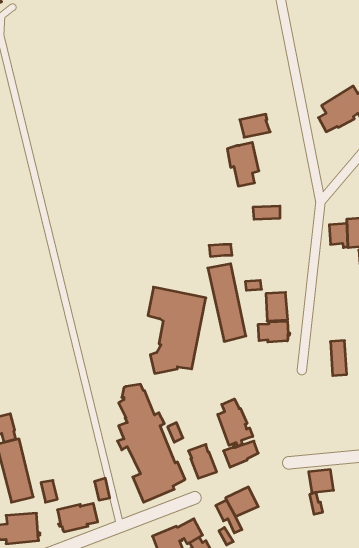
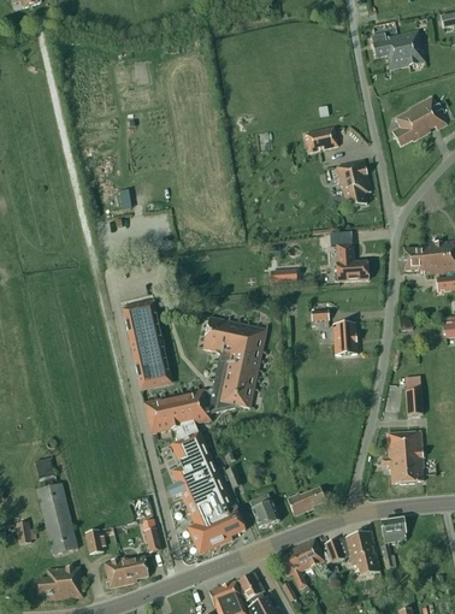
building: none -> [371,30,425,69]
building: [227,142,259,186] -> [336,159,371,207]
building: none -> [335,243,368,282]
building: [208,264,246,341] -> [128,302,170,388]
building: [258,321,290,342] -> none
building: none -> [144,389,212,432]
building: none -> [377,430,422,483]
building: [218,399,253,446] -> none
building: none -> [325,530,379,574]

